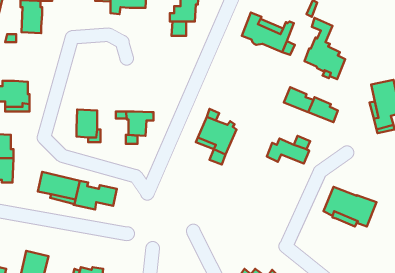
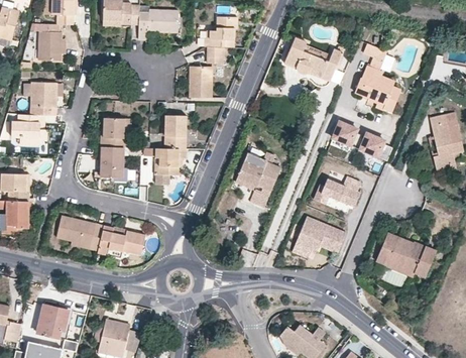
building: none -> [188,66,210,96]
building: none -> [29,81,56,114]
building: none -> [163,115,185,148]
building: none -> [100,117,128,146]
building: none -> [292,215,346,257]

